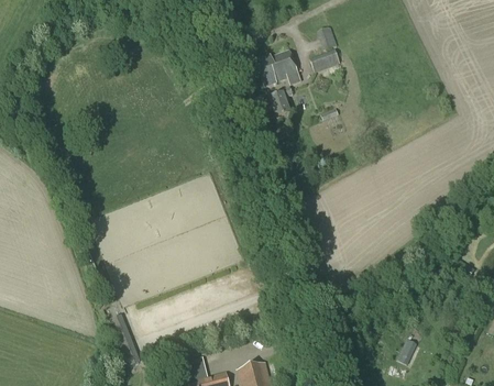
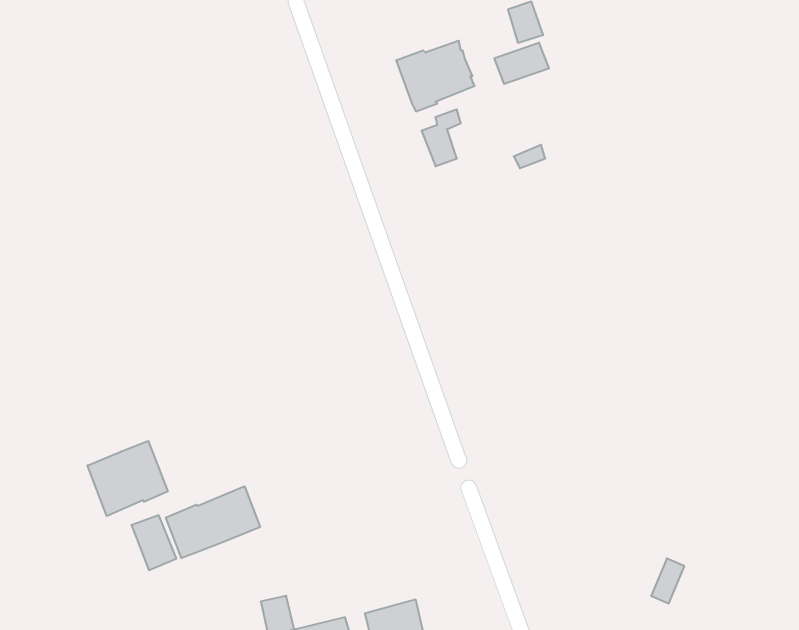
building: none -> [87,441,168,516]
building: none -> [166,486,260,558]

